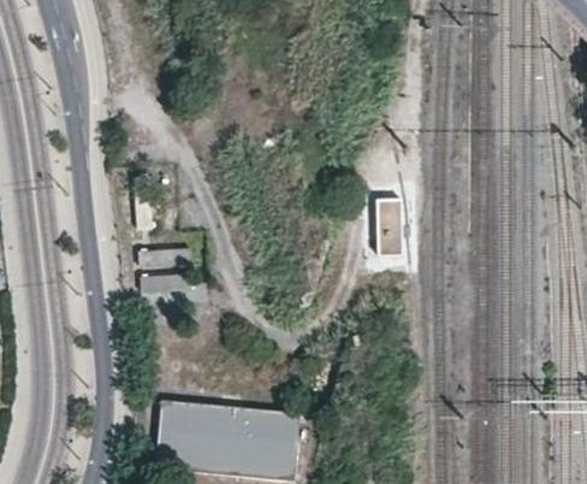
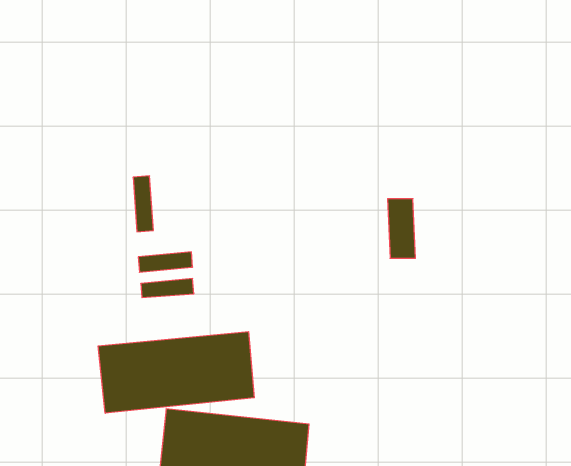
building: none -> [98,332,254,413]

